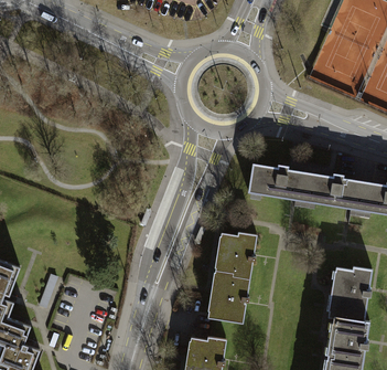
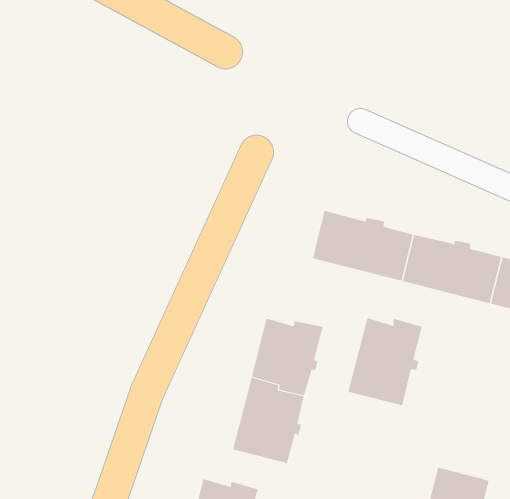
building: [329,266,372,320] -> [347,318,423,406]

